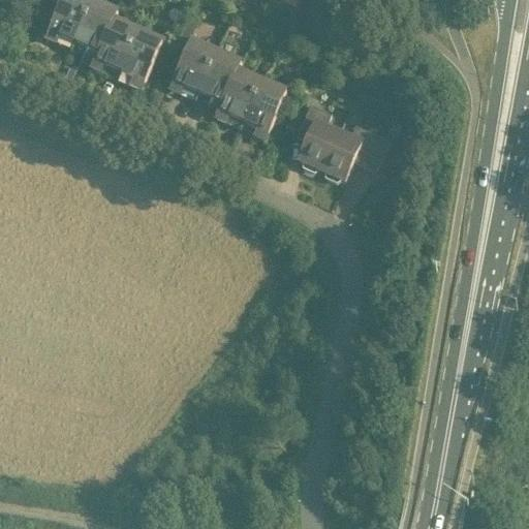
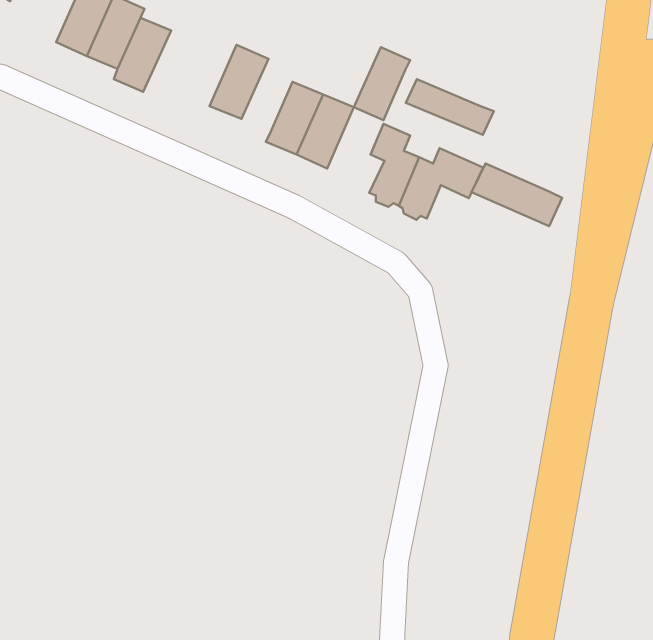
building: [116,25,162,86] -> none
building: [195,48,241,106] -> [354,47,410,120]
building: none -> [406,79,494,135]
building: none -> [472,163,562,226]

